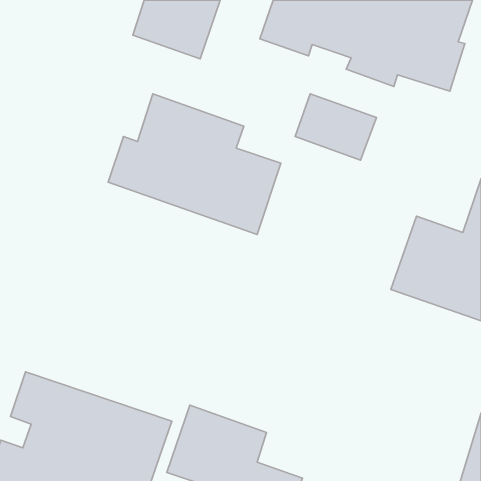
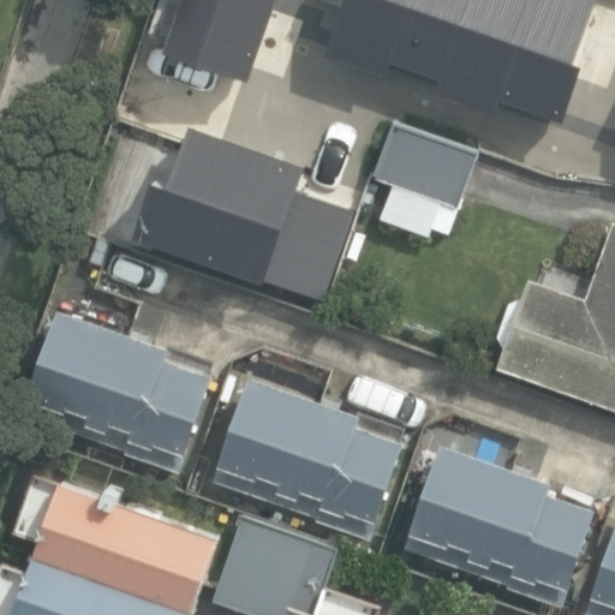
building: none -> [19,309,211,477]
building: none -> [209,375,405,541]
building: none -> [398,446,592,609]

